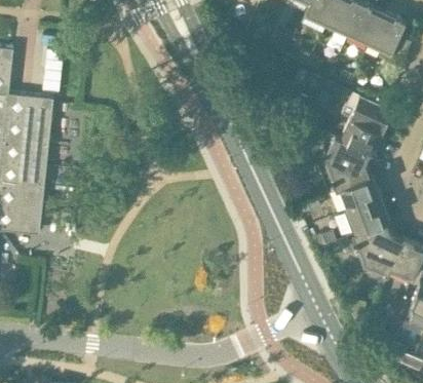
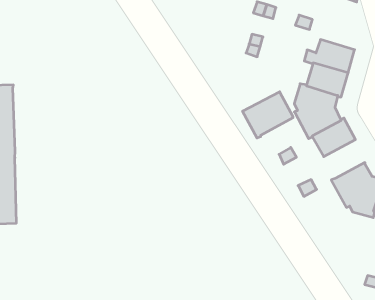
building: none -> [243,92,293,138]
building: [342,197,388,233] -> none

